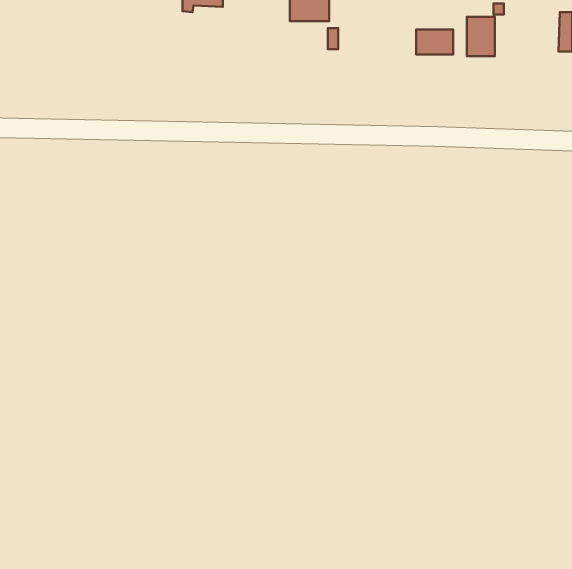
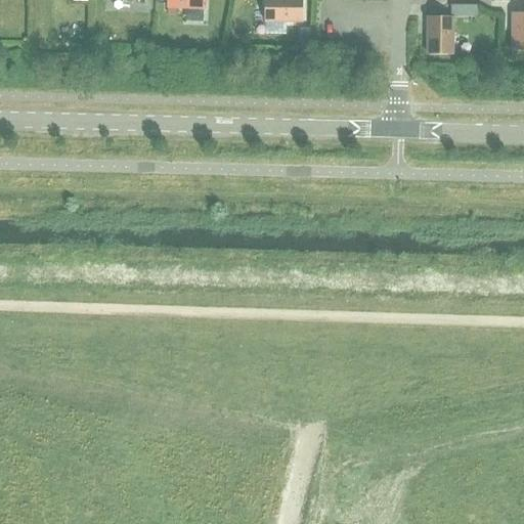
building: [416,30,453,54] -> none

